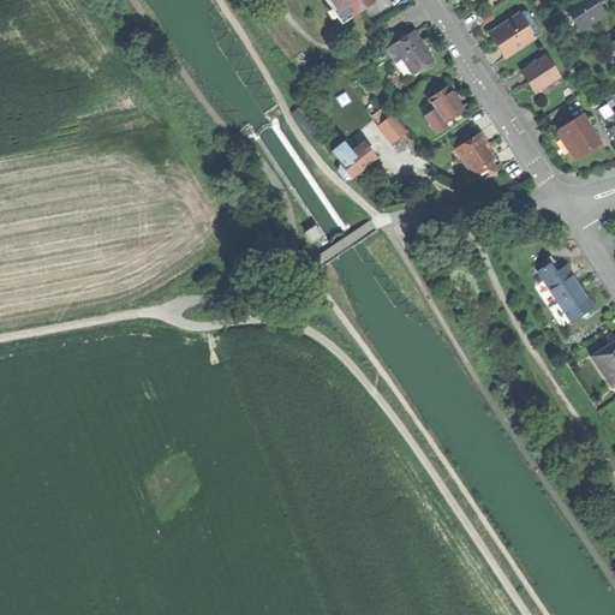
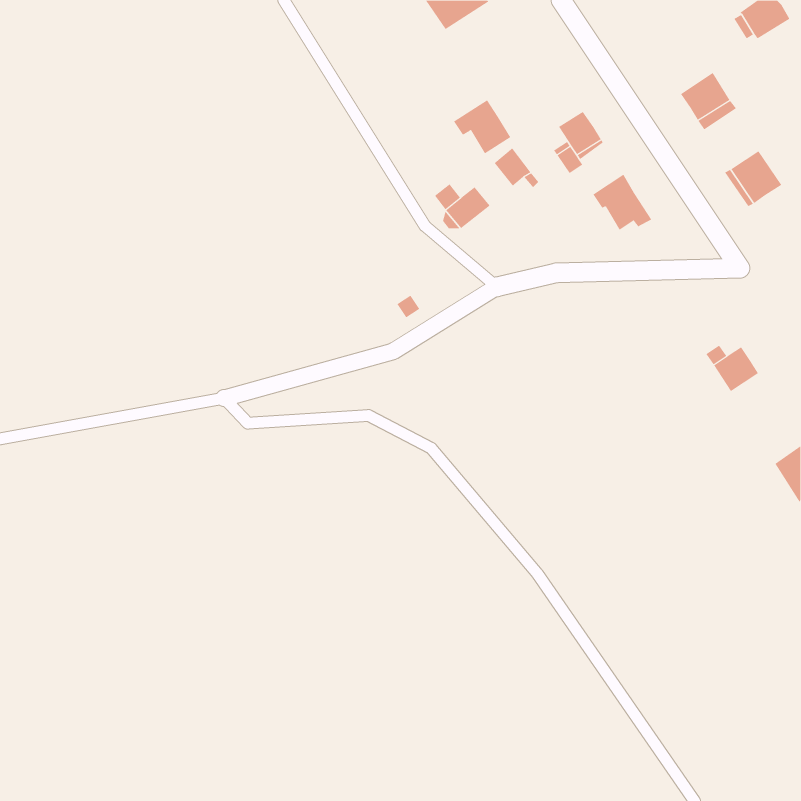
building: [490,6,542,56] -> none
building: [388,32,432,74] -> [453,99,511,154]
building: [560,286,595,320] -> none

